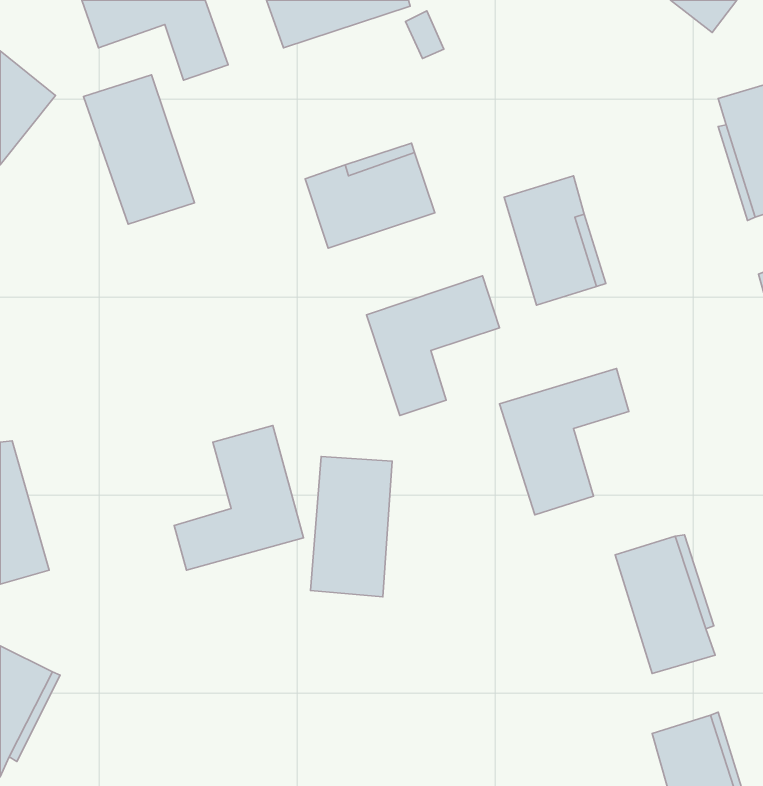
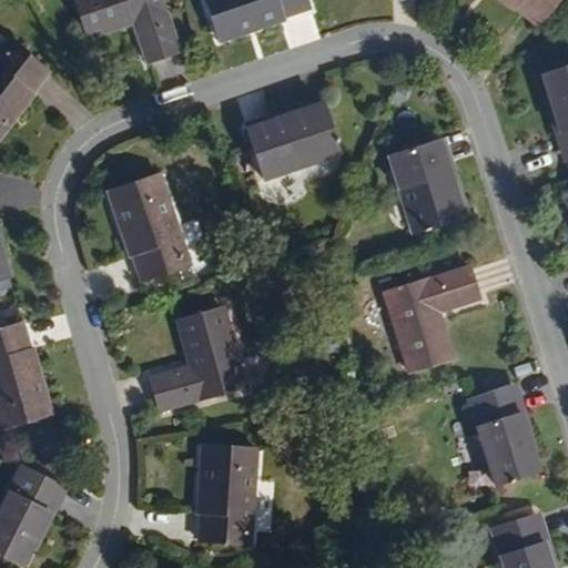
building: [84,75,195,224] -> [104,173,184,281]
building: [366,276,499,416] -> none
building: [310,457,392,597] -> [191,447,250,548]

